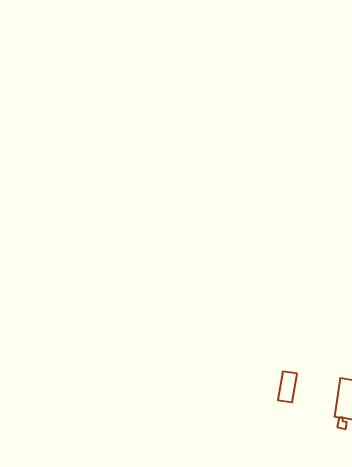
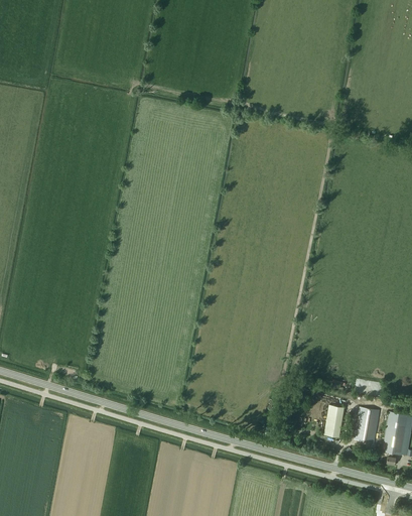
building: none -> [354,406,380,443]

